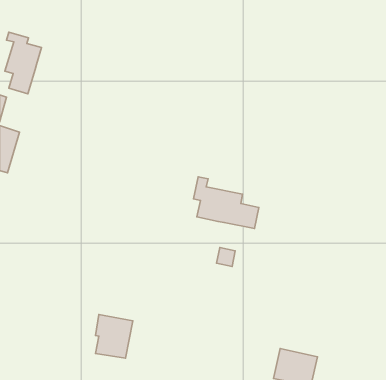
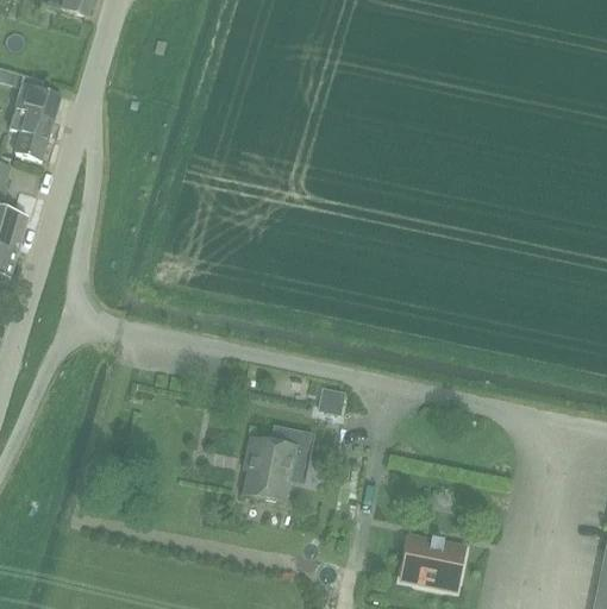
building: [194,177,259,229] -> none
building: [96,314,133,358] -> [243,435,298,500]

